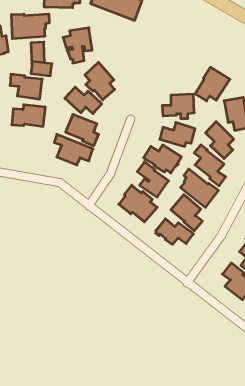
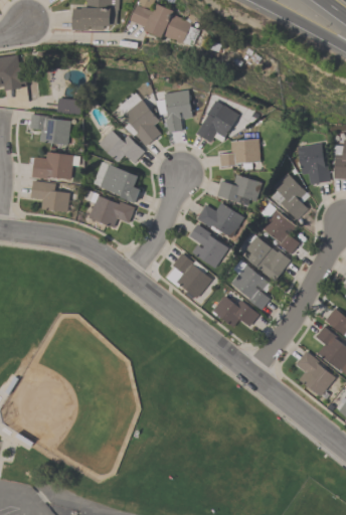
building: [12,14,49,39] -> none
building: [63,28,92,63] -> [156,89,192,133]
building: [195,67,230,101] -> [196,100,239,142]
building: none -> [31,181,70,211]

